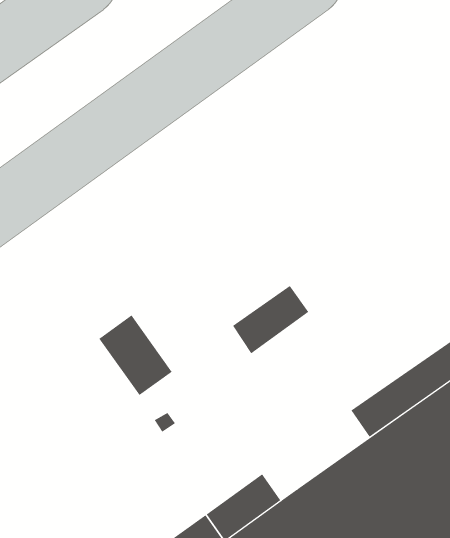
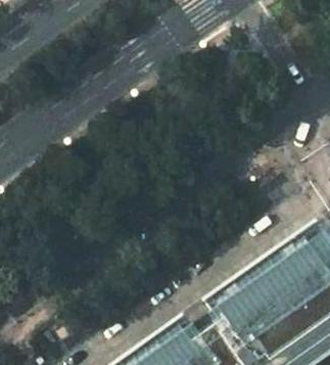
building: [232,285,309,354] -> [204,278,254,323]
building: [99,315,173,396] -> none

